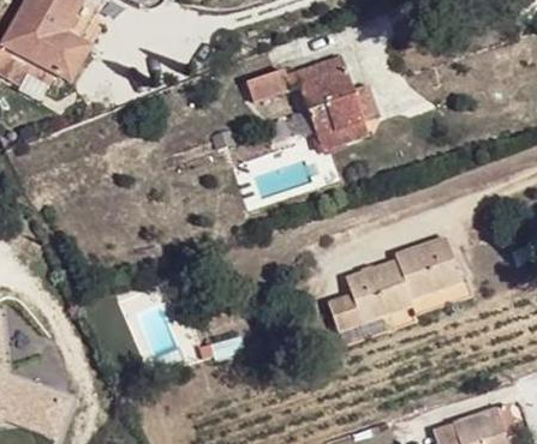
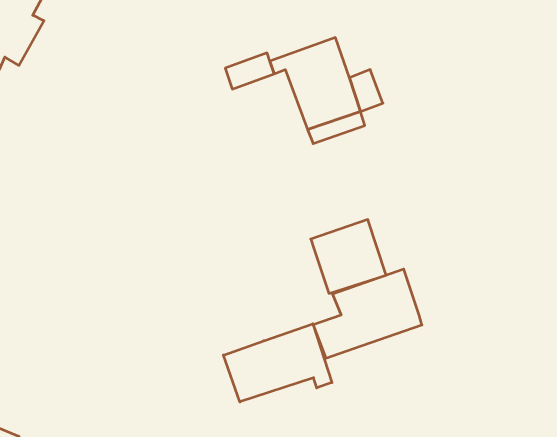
building: [396,233,461,296] -> [311,220,386,293]
building: none -> [223,324,332,402]

